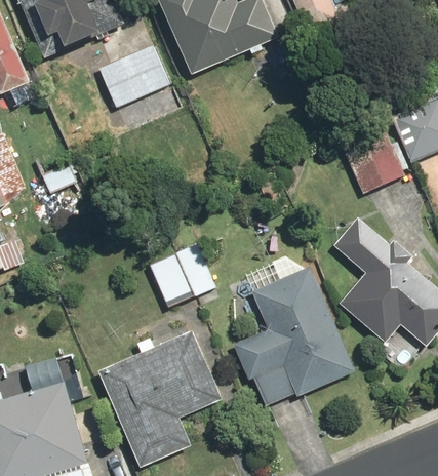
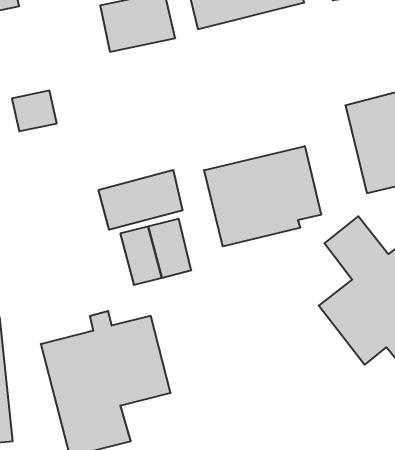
building: none -> [204,146,321,246]
building: none -> [99,170,183,230]
building: [233,265,358,402] -> none

